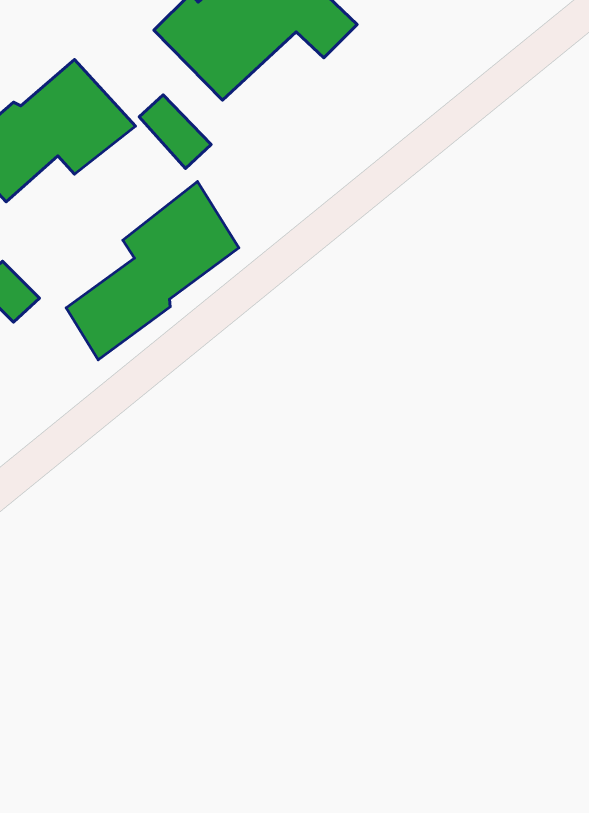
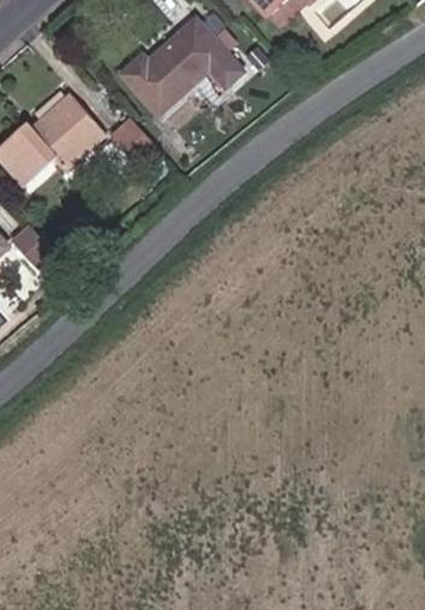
building: [66,182,239,360] -> none

